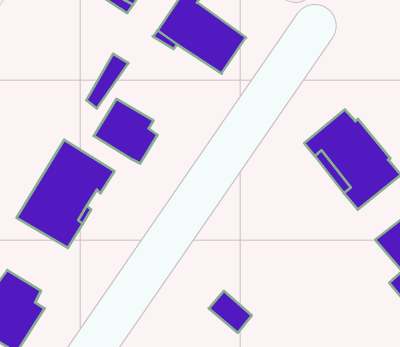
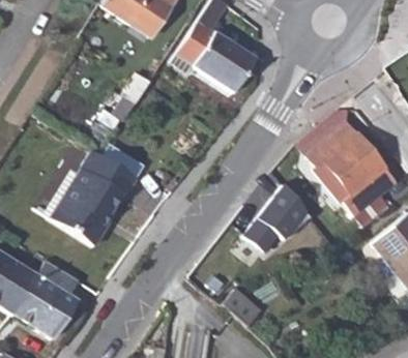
building: [94,99,157,163] -> none
building: none -> [243,181,314,247]

